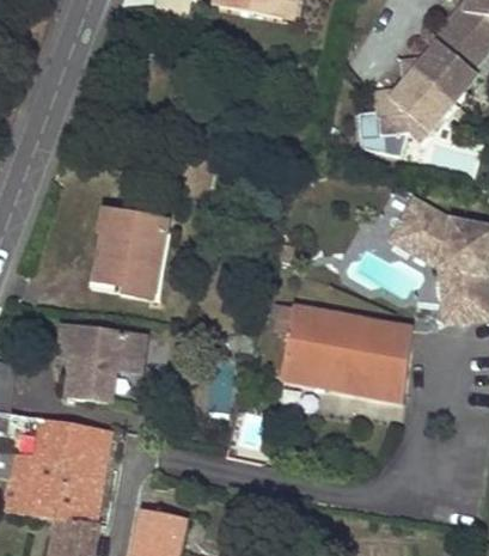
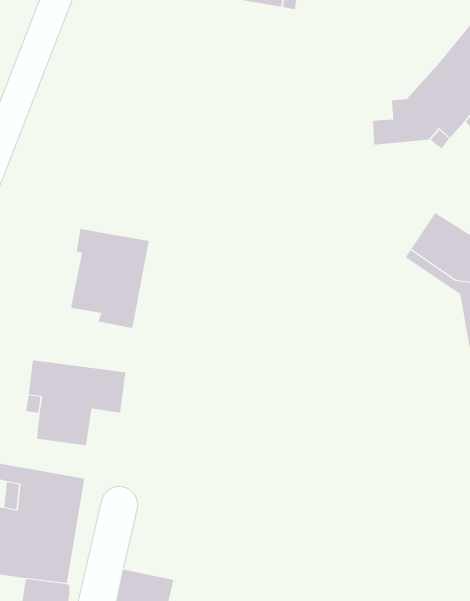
building: [275,304,411,401] -> none

